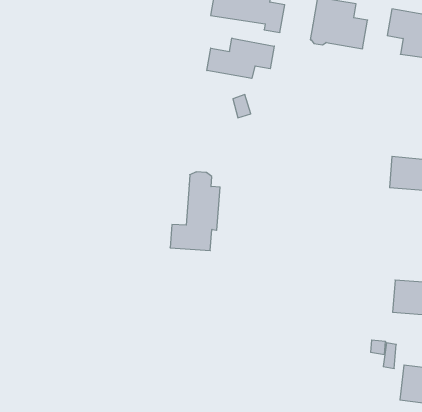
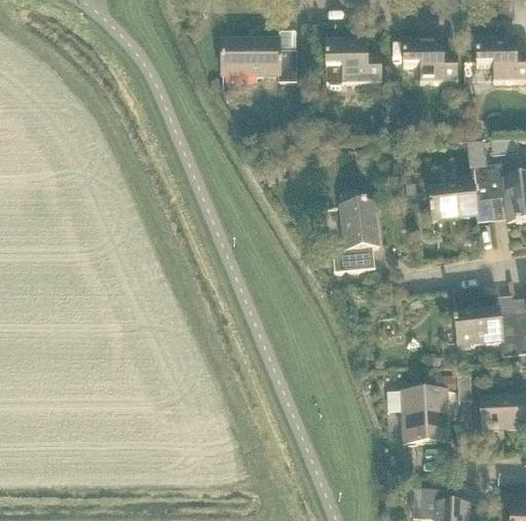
building: [207,38,274,78] -> none
building: [170,172,220,251] -> [332,191,378,273]
building: none -> [402,390,447,444]

